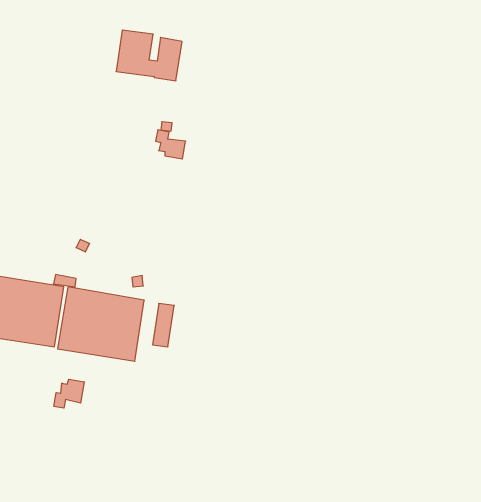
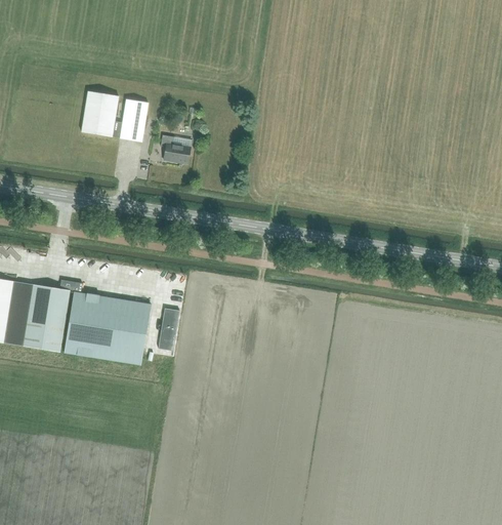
building: [116,30,182,81] -> [82,91,148,142]
building: [54,379,84,408] -> none

